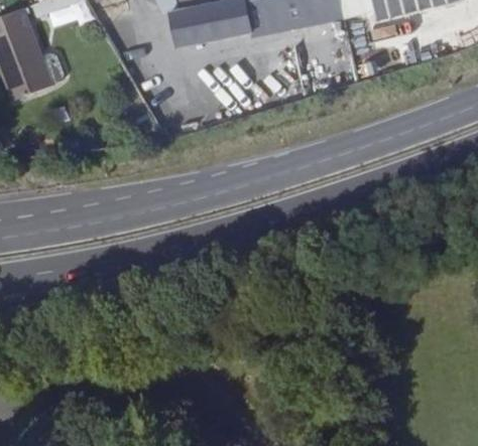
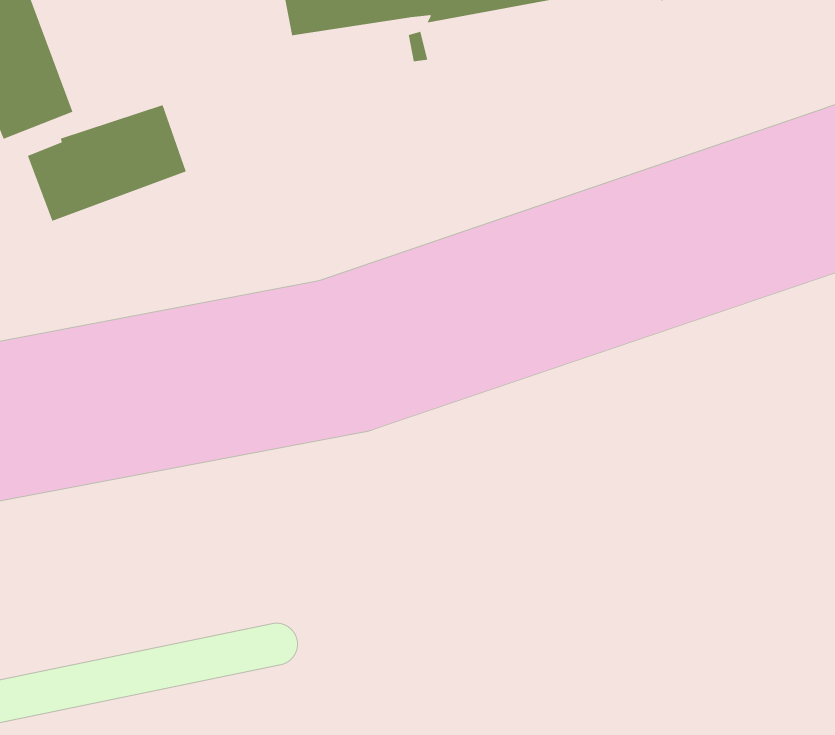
building: none -> [27,104,187,222]

